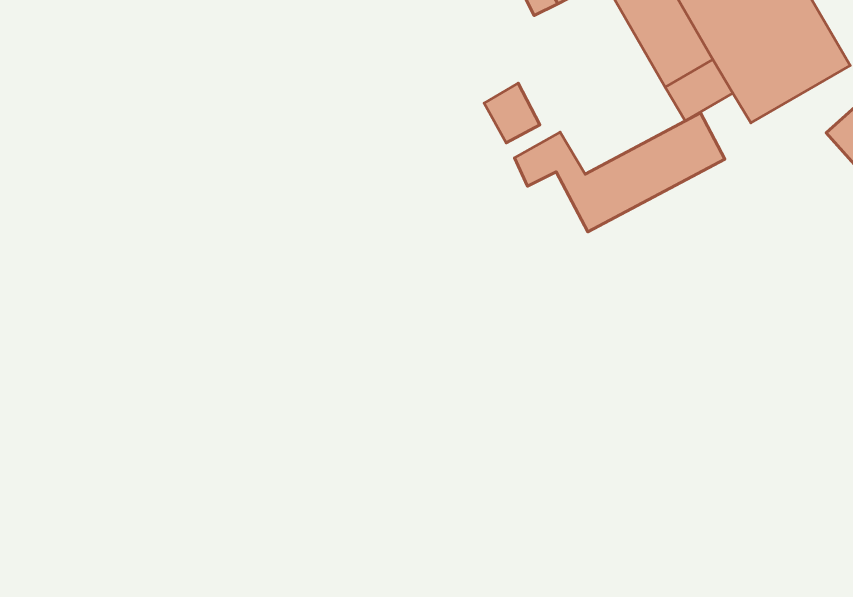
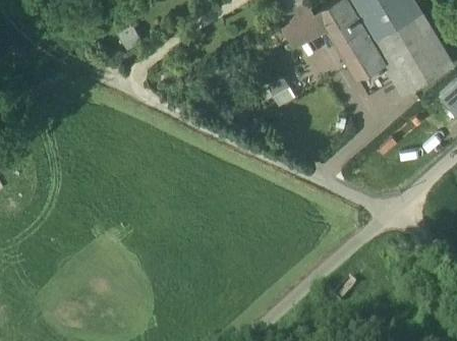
building: [514,113,725,232] -> none

